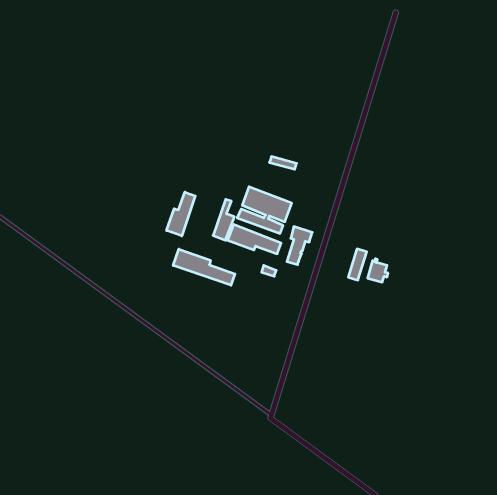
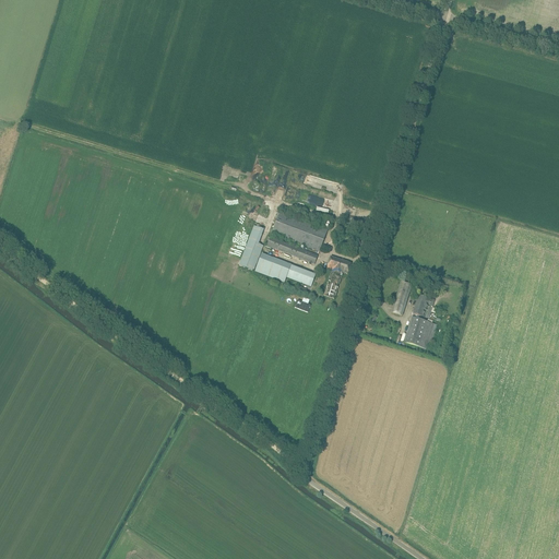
building: [167,192,195,236] -> none
building: [173,249,235,285] -> none
building: none -> [404,316,433,347]

